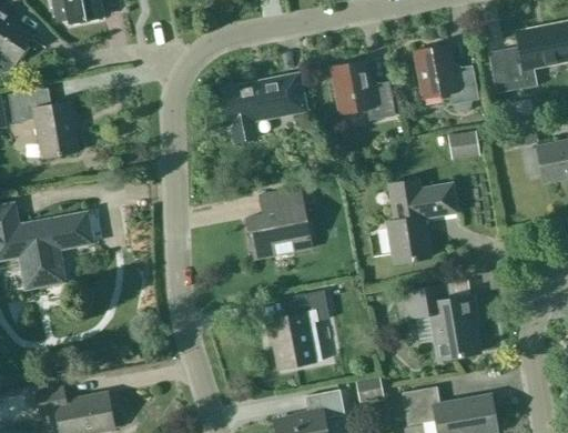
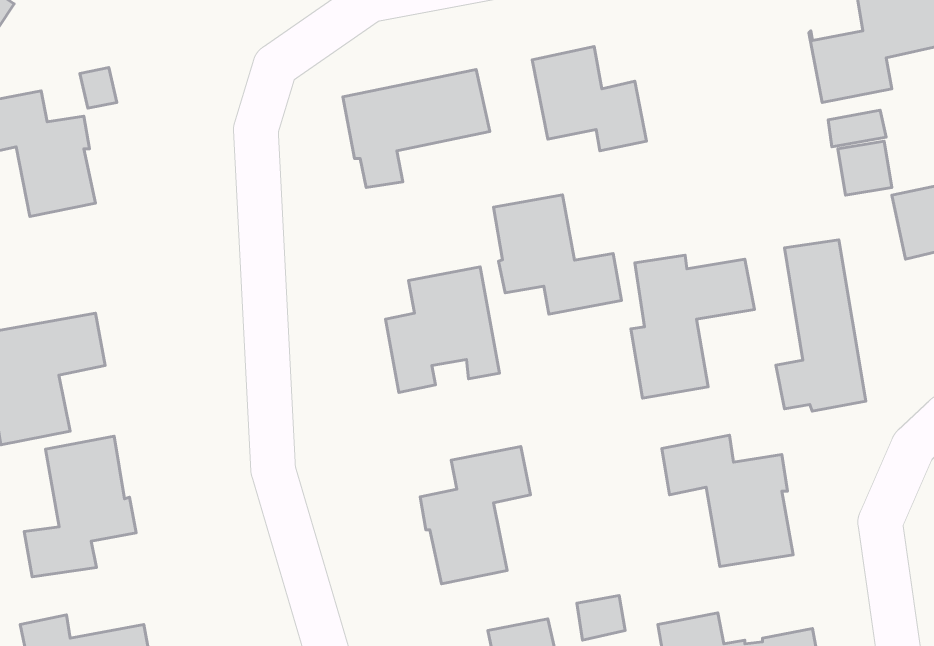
building: [414,46,479,104] -> none
building: [447,128,480,158] -> none
building: none -> [493,195,622,314]
building: none -> [776,240,866,411]
building: none -> [24,436,136,577]

